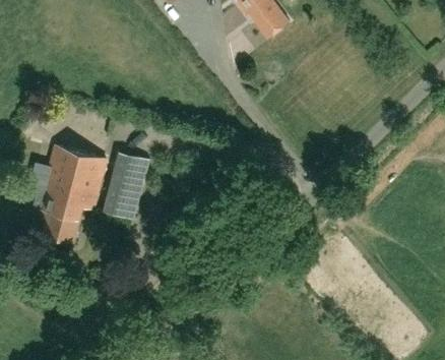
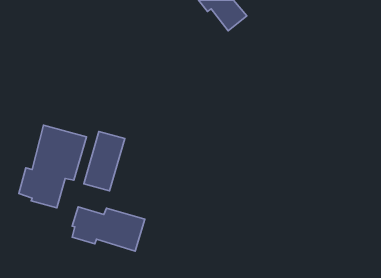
building: none -> [72,207,145,251]

